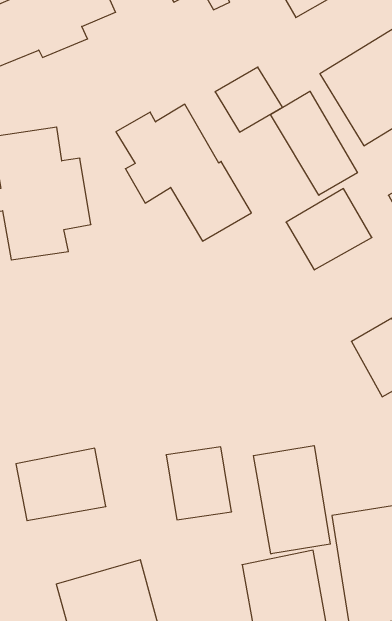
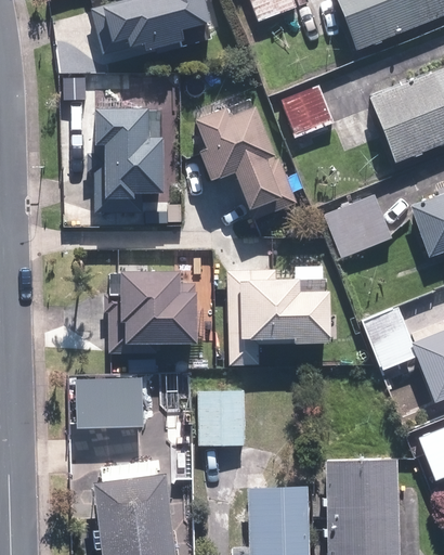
building: [271,91,357,195] -> none
building: none -> [226,270,330,366]
building: none -> [108,272,195,353]
building: [253,446,330,554] -> none

